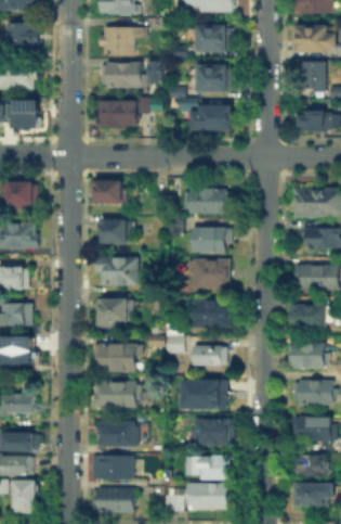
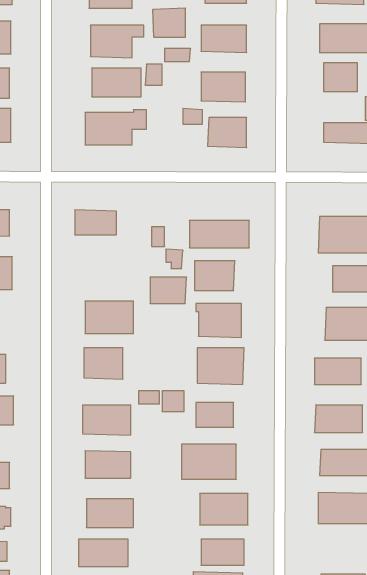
building: none -> [153,8,185,37]
building: [100,220,130,242] -> [150,277,187,303]
building: [299,457,327,476] -> none

